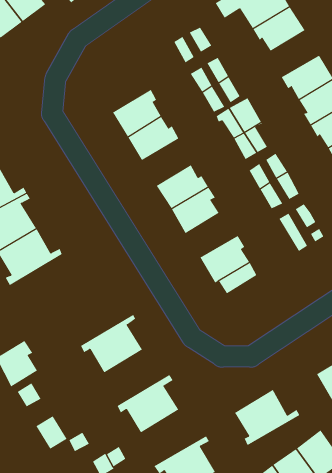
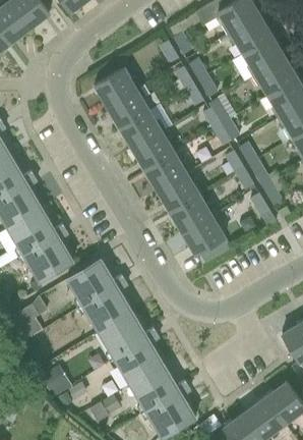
building: none -> [240,36,286,76]
building: none -> [95,67,140,107]
building: none -> [132,129,175,170]
building: none -> [170,194,216,232]
building: none -> [18,229,73,281]
building: none -> [67,258,125,309]
building: none -> [100,312,157,361]
building: [234,389,300,446] -> [131,364,188,413]

